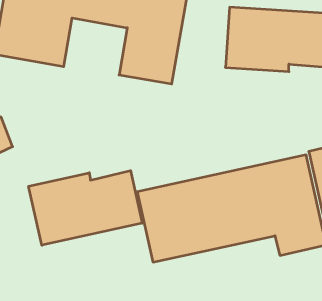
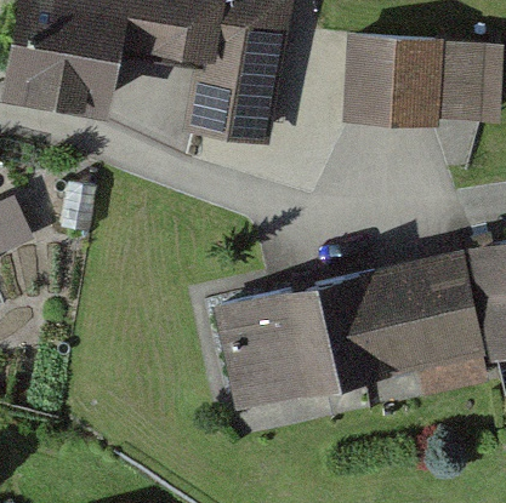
building: [29,171,142,245] -> none

